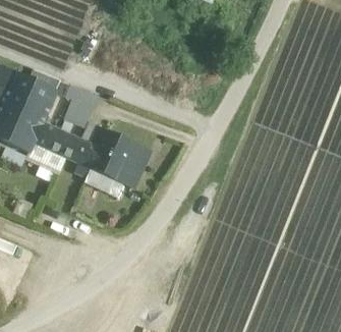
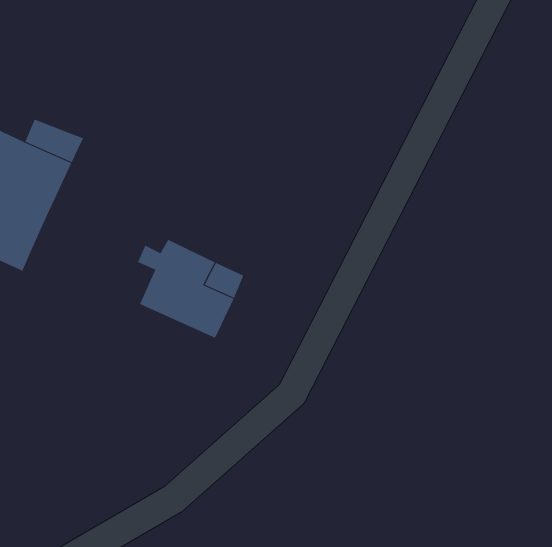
building: [34,124,100,169] -> none

